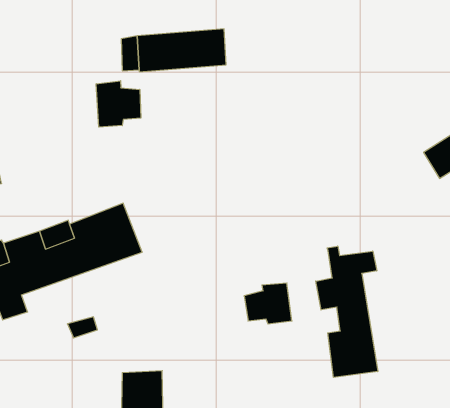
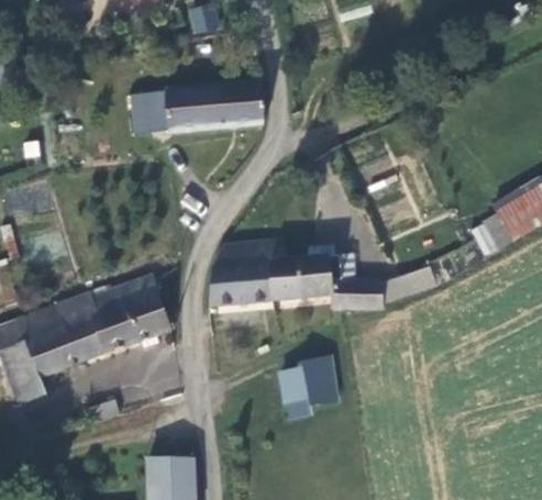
building: [96,81,141,127] -> none
building: none -> [211,243,435,309]
building: [316,246,378,377] -> none

